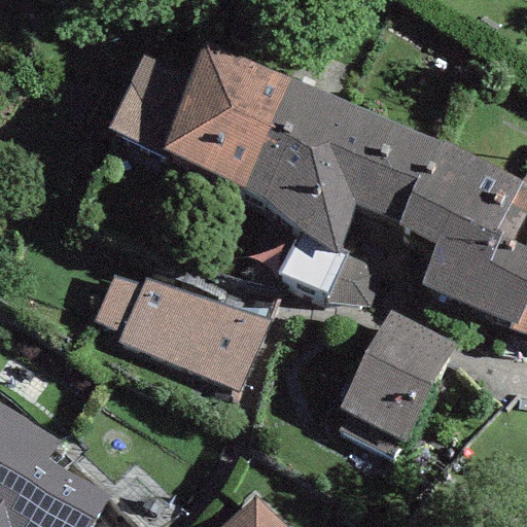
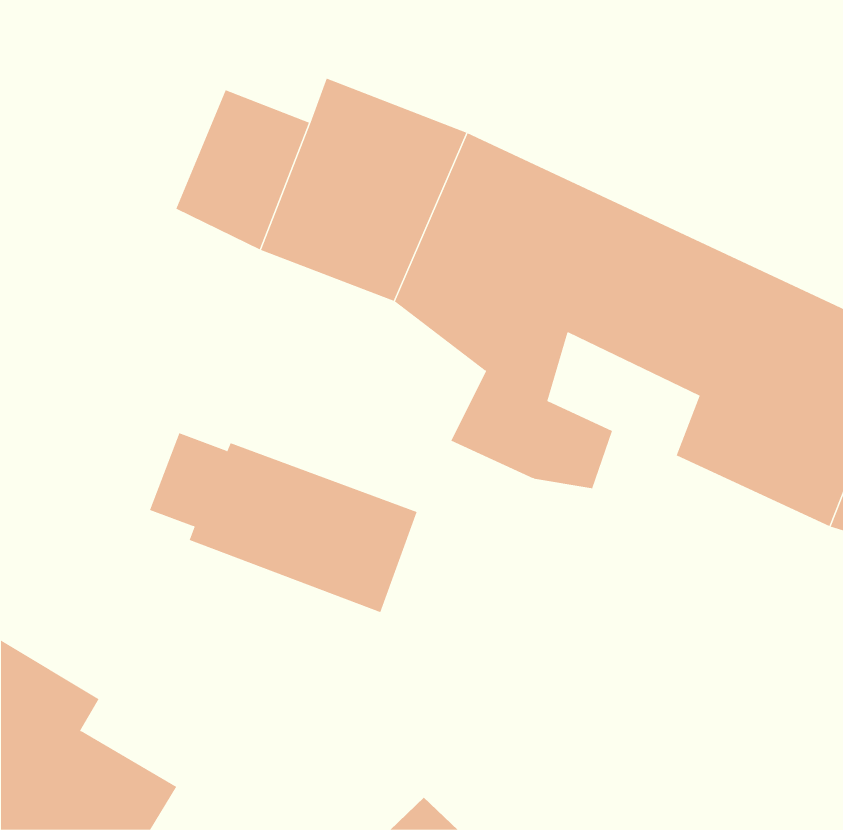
building: [341,308,455,438] -> none

